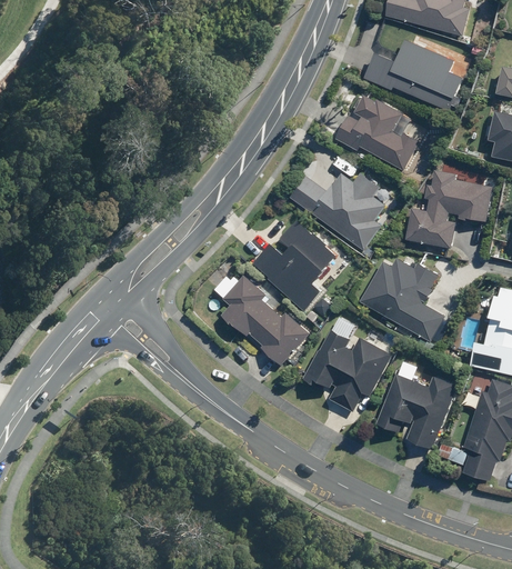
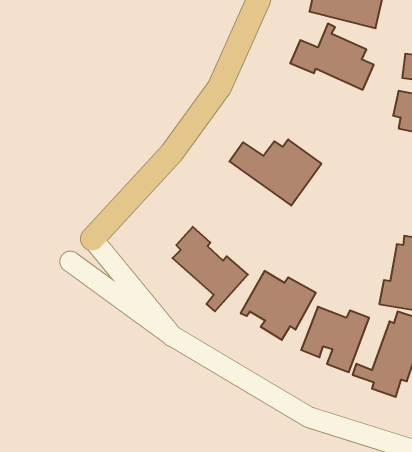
building: [333,90,423,168] -> none
building: [403,168,492,253] -> none
building: [251,219,337,310] -> none
building: [359,259,444,342] -> none

